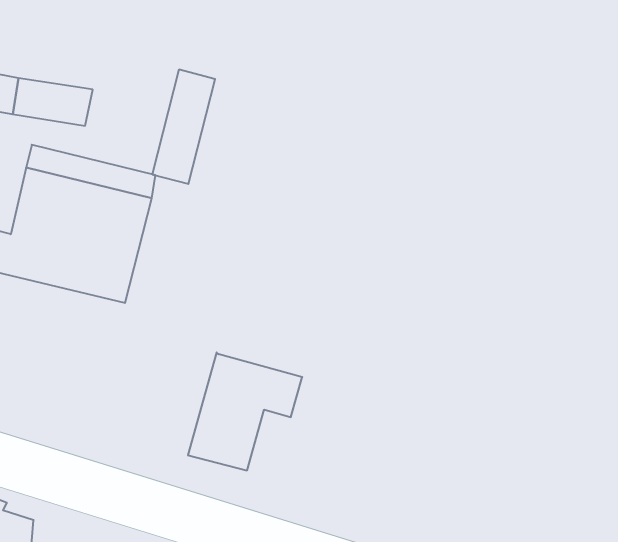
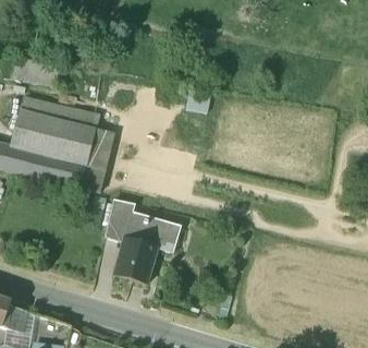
building: [152,70,215,184] -> [77,125,113,191]
building: none -> [103,197,135,241]

